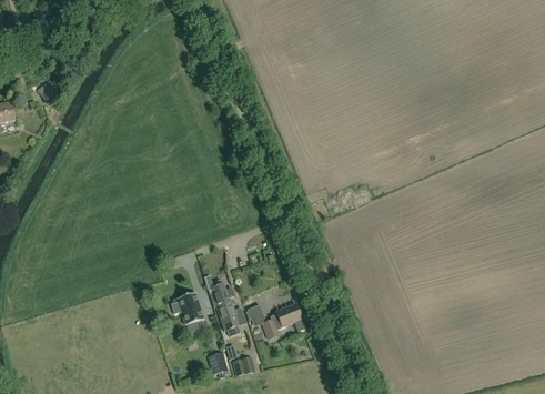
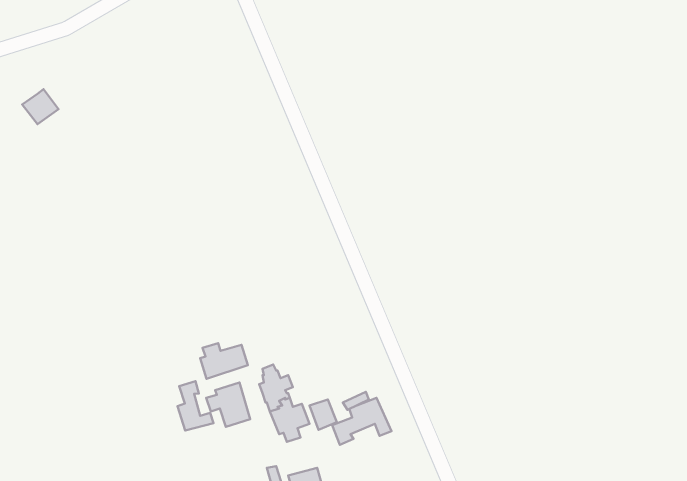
building: none -> [200,343,248,379]
building: none -> [178,381,214,430]

